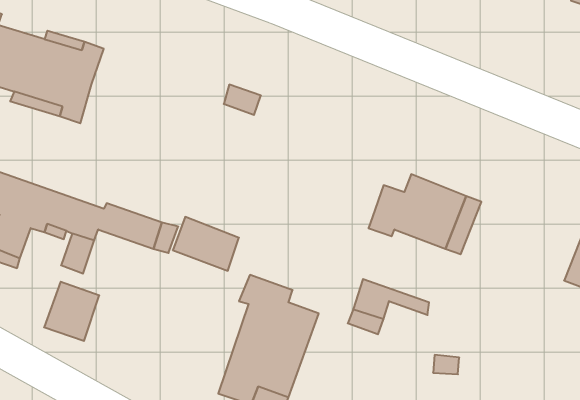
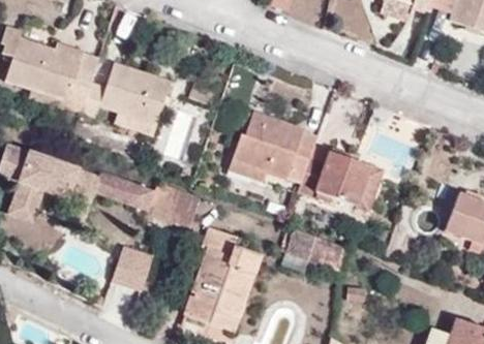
building: none -> [82,63,171,134]
building: none -> [230,112,317,183]
building: [44,282,99,341] -> [112,248,153,292]

